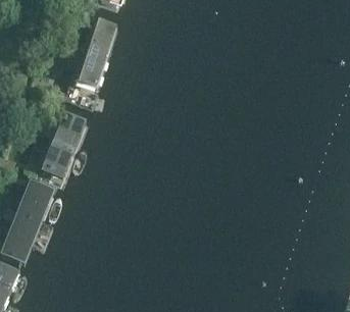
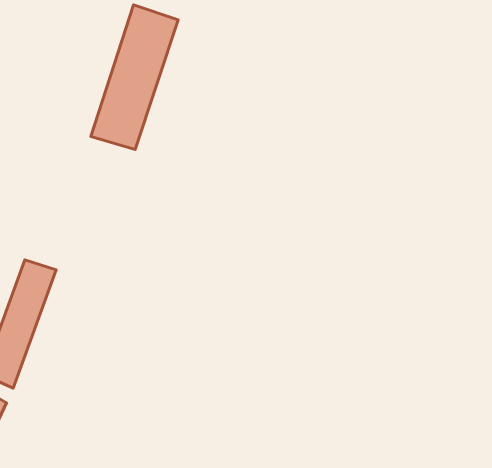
building: [41,112,88,186] -> none

